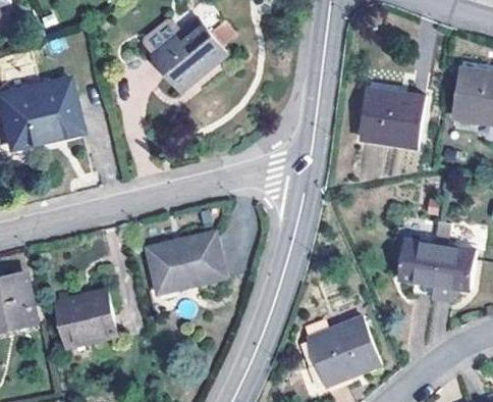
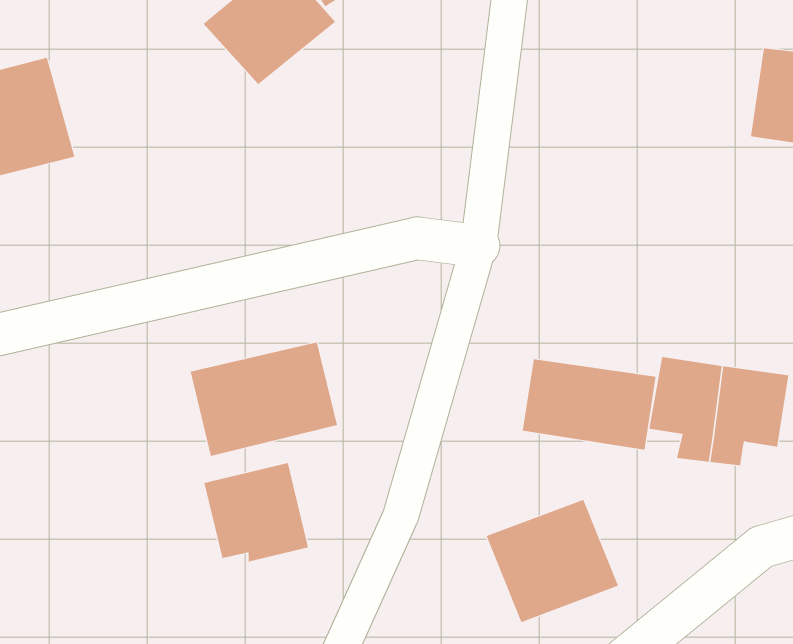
building: [362,88,426,147] -> none
building: none -> [522,358,656,450]
building: [57,289,115,344] -> [203,462,309,562]

